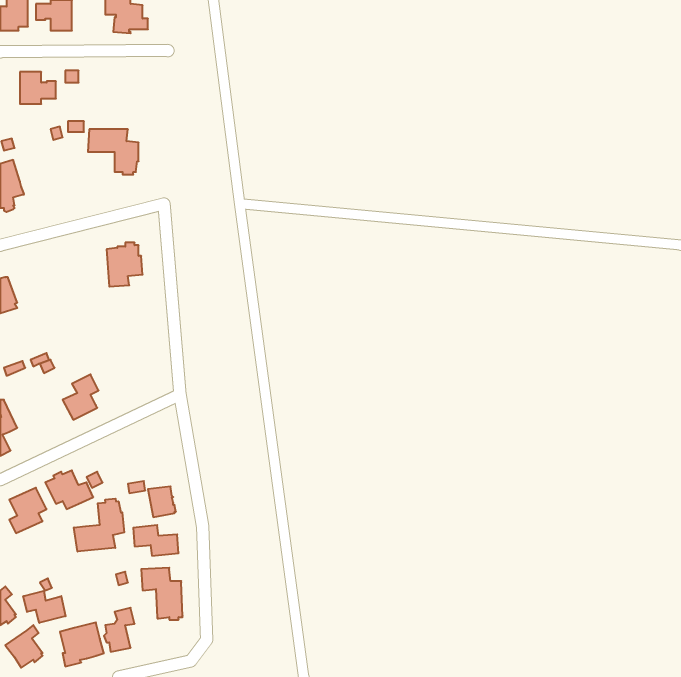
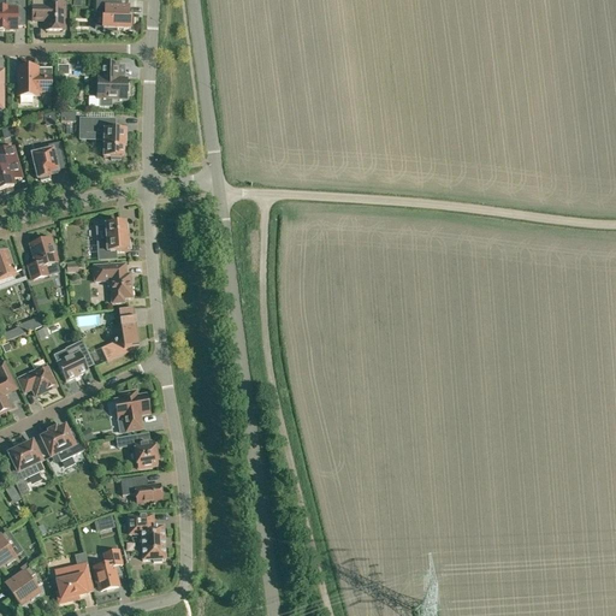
building: none -> [97,61,129,105]
building: none -> [31,141,64,178]
building: none -> [29,236,57,278]
building: none -> [93,261,132,301]
building: none -> [101,306,138,360]
building: none -> [18,363,57,395]
building: none -> [114,390,149,430]
building: [74,499,124,552] -> none
building: [23,591,66,623] -> none

